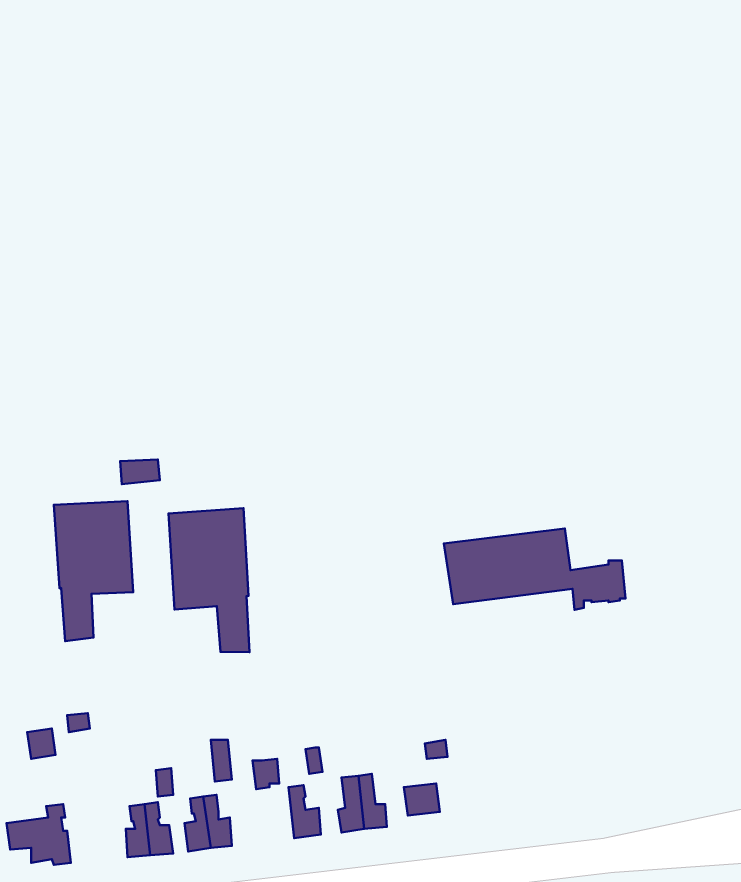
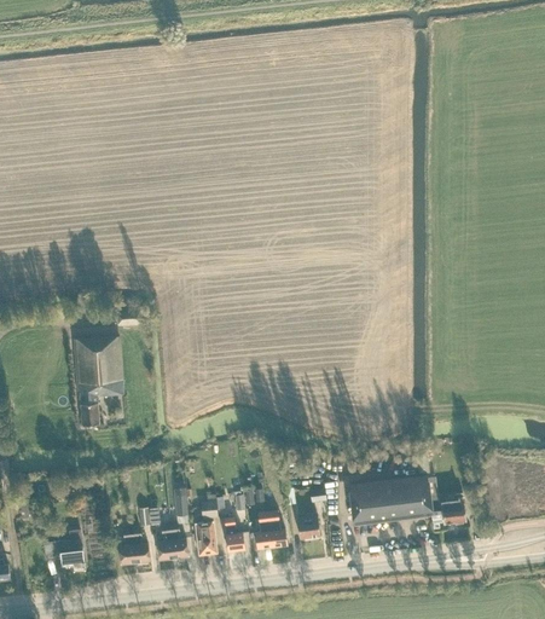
building: [169,508,250,652] -> none
building: [444,528,625,610] -> [349,476,465,528]
building: none -> [193,521,216,555]

